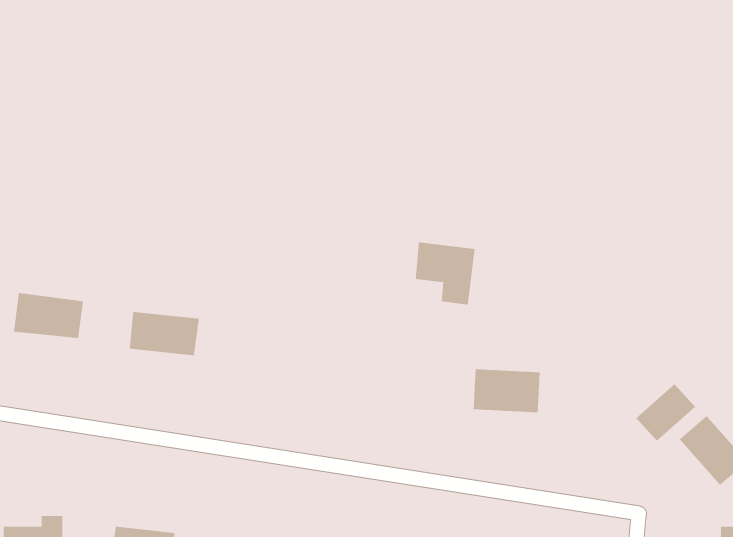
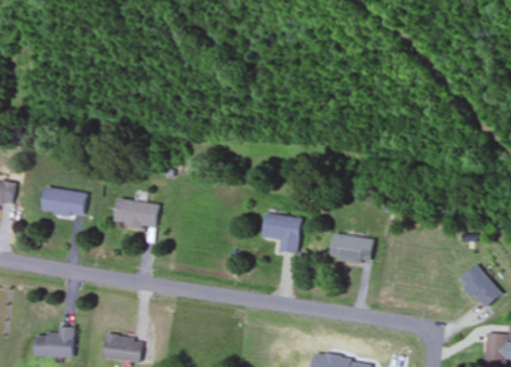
building: [415,241,475,305] -> [263,213,301,253]
building: [635,383,696,442] -> none

